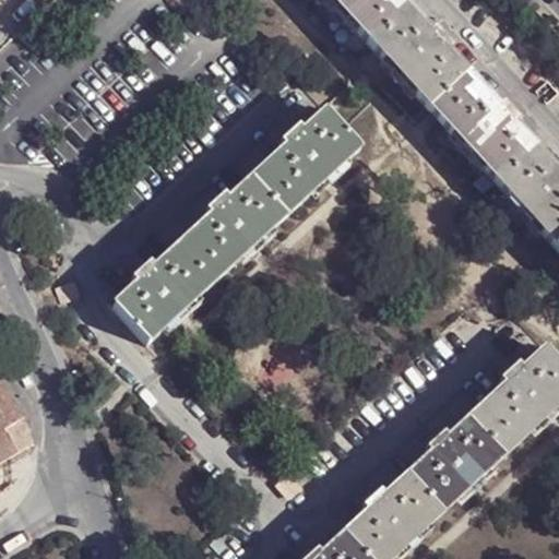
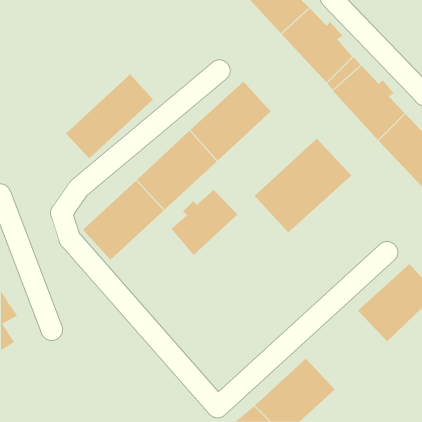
building: none -> [65,74,154,159]
building: none -> [254,138,352,233]
building: none -> [171,189,238,256]
building: [405,407,512,511] -> none

